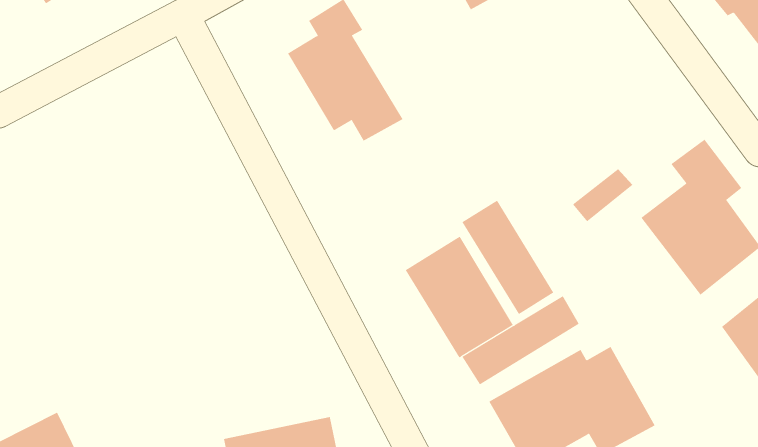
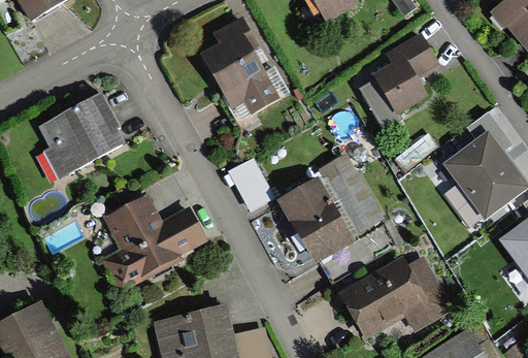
building: none -> [358,31,439,130]
building: none -> [39,94,121,178]
building: none -> [231,154,277,208]
building: none -> [104,197,203,287]

